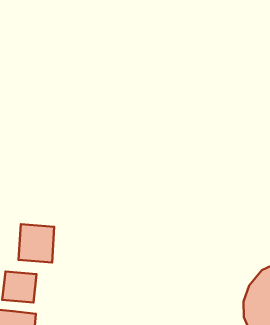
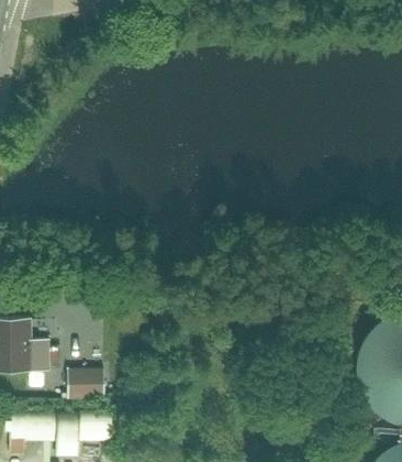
building: [19,224,54,263] -> none

